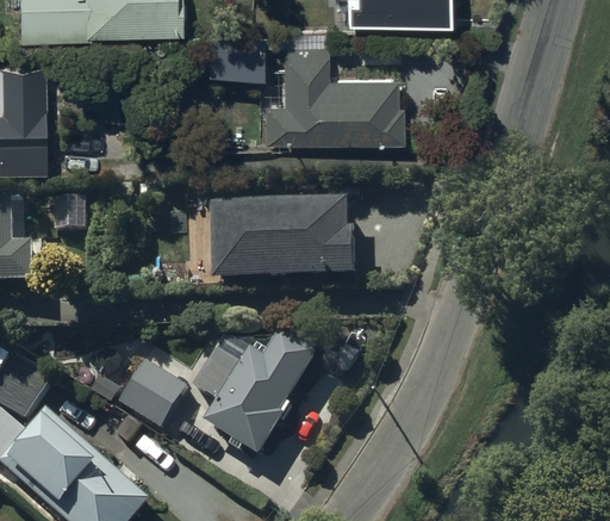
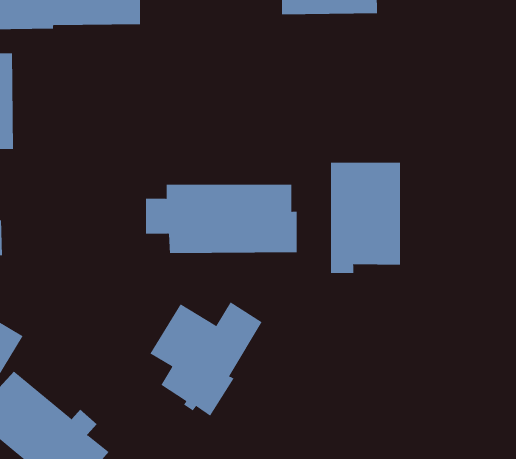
building: [199,41,402,143] -> none
building: none -> [331,162,401,274]
building: [118,355,186,423] -> none

